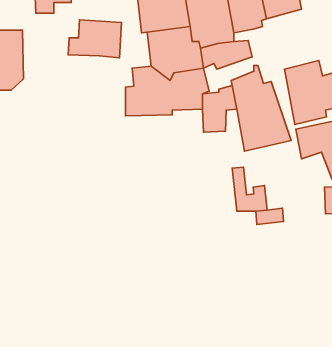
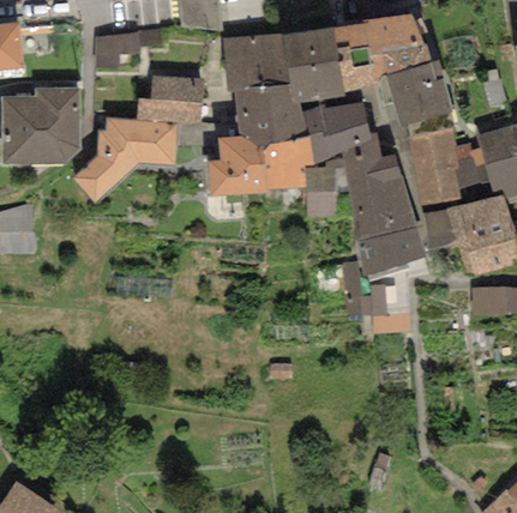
building: none -> [386,60,455,138]
building: none -> [74,116,176,204]
building: none -> [307,122,371,165]
building: none -> [359,228,425,276]

